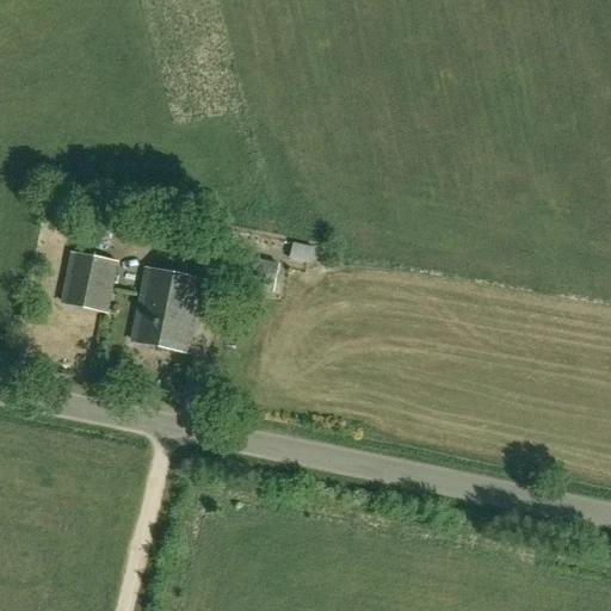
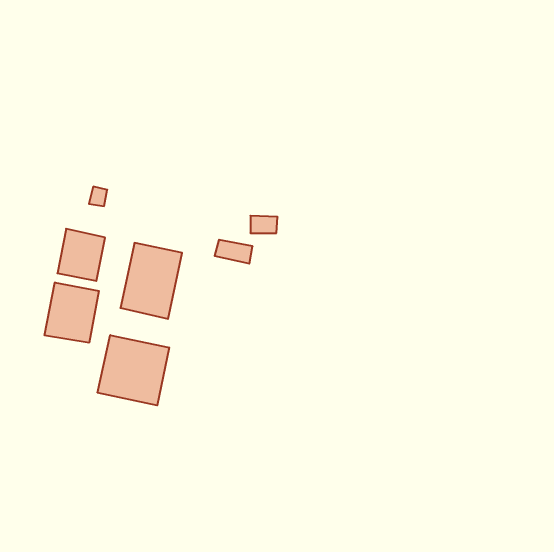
building: none -> [45,282,99,343]
building: none -> [98,335,169,405]

